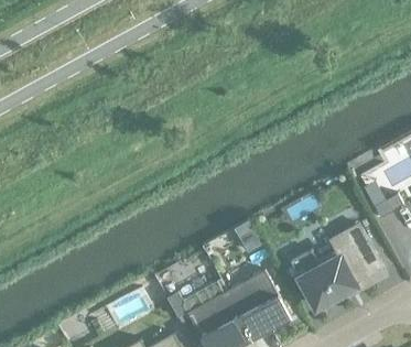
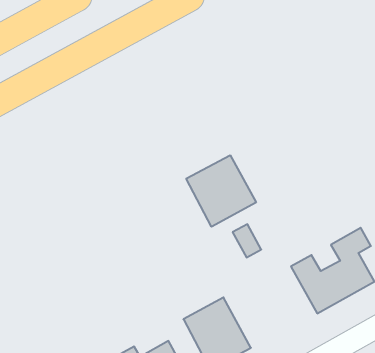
building: none -> [186,155,256,227]
building: [226,271,291,340] -> none

